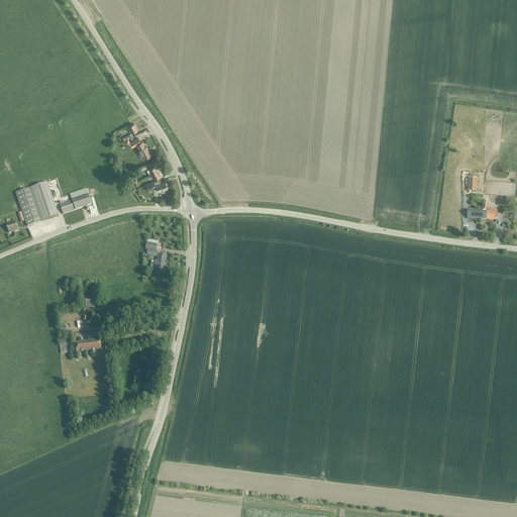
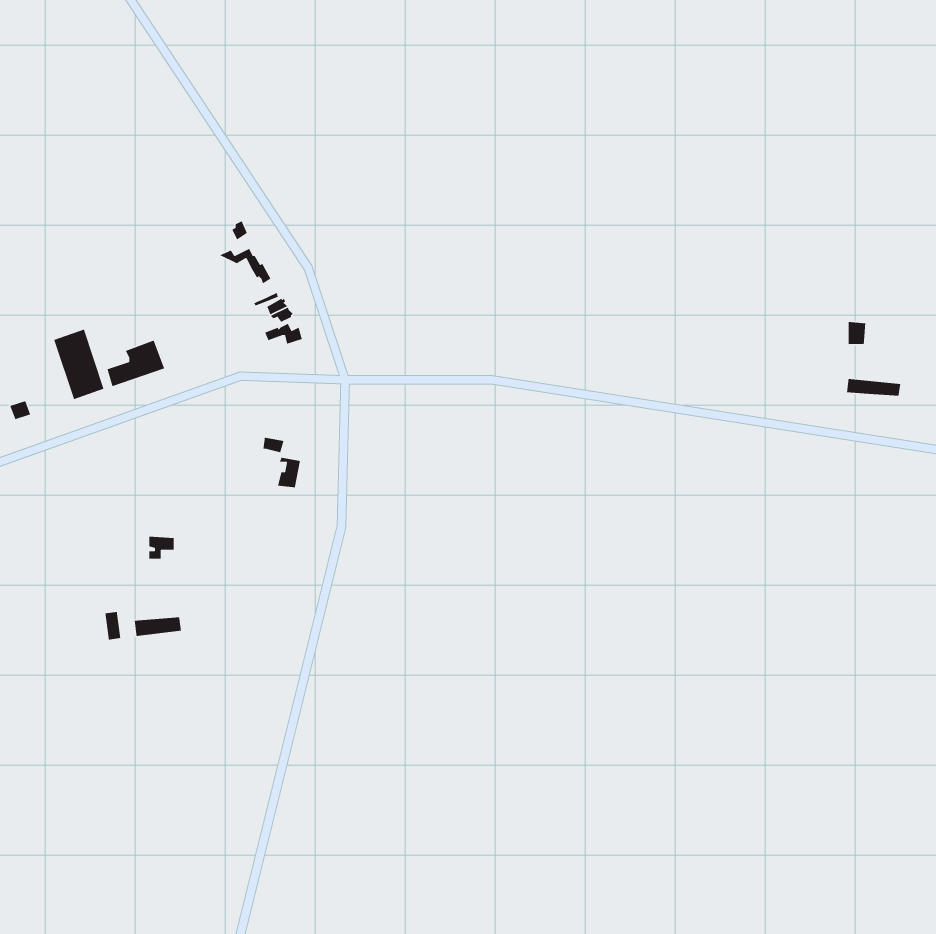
building: [15,187,40,225] -> none

